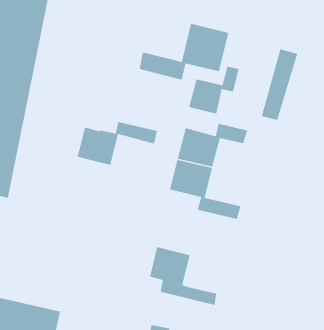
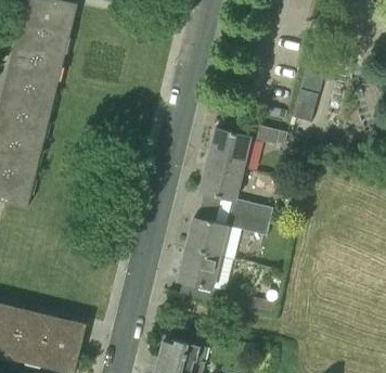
building: [139,23,229,81] -> none
building: [188,66,240,114] -> none
building: [77,121,158,166] -> [184,216,267,261]

